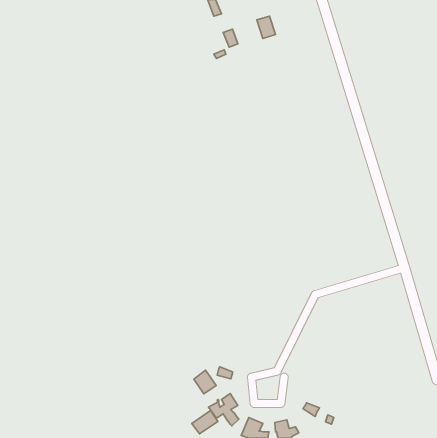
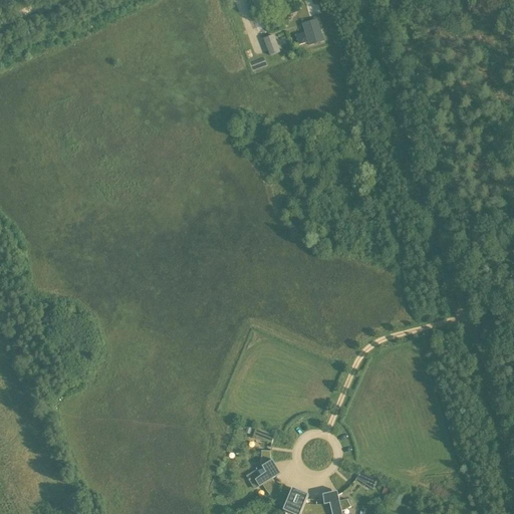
building: [194,370,216,394] -> none
building: [192,411,218,434] -> none

